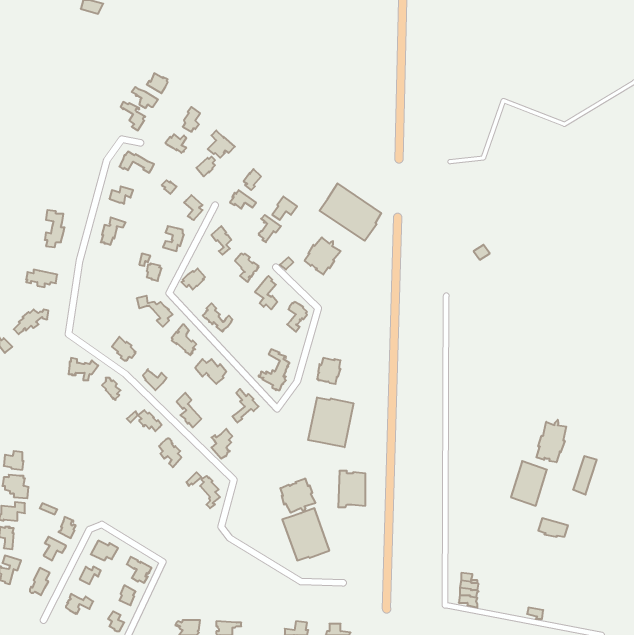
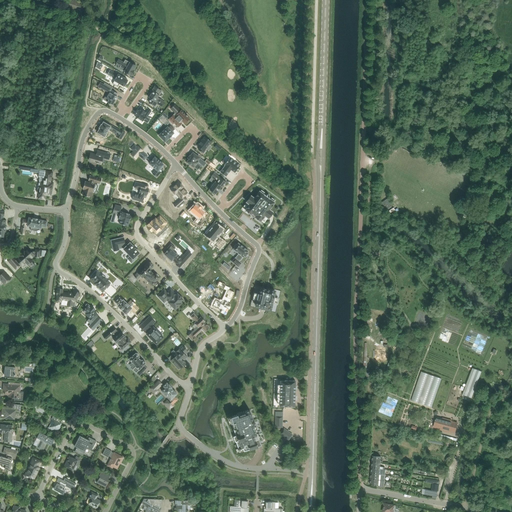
building: [320,183,381,241] -> none
building: [308,397,353,447] -> none
building: [536,420,566,462] -> none
building: [280,478,315,513] -> none

